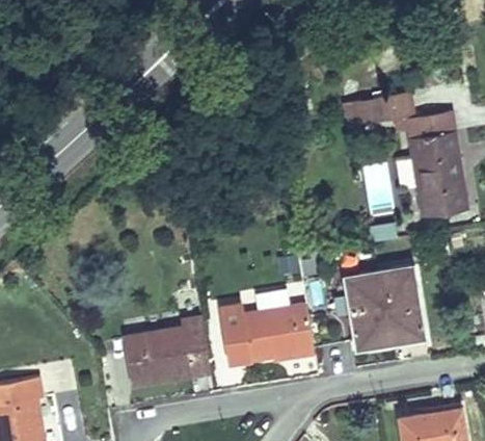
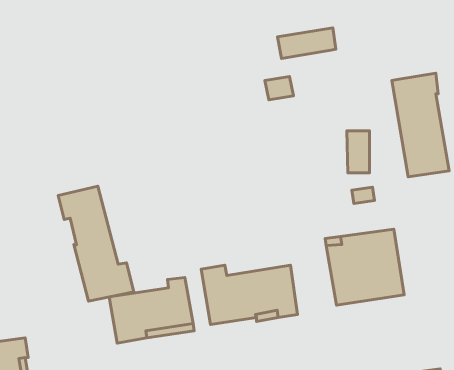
building: [356,95,415,126] -> [277,28,336,59]
building: none -> [58,186,134,301]

